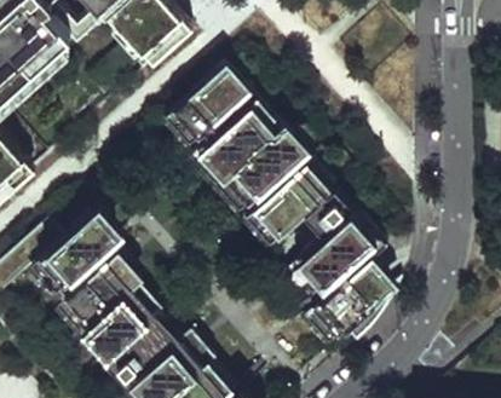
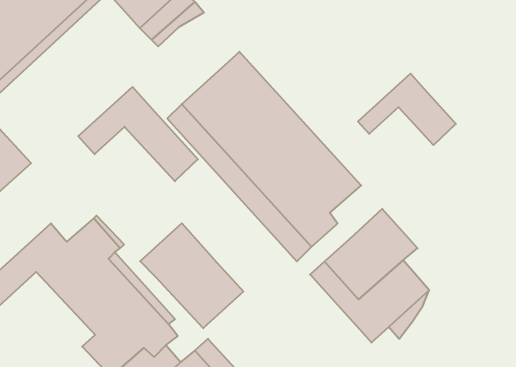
building: none -> [358,74,456,145]
building: none -> [78,87,198,181]
building: [309,191,357,241] -> none
building: none -> [140,223,243,328]

